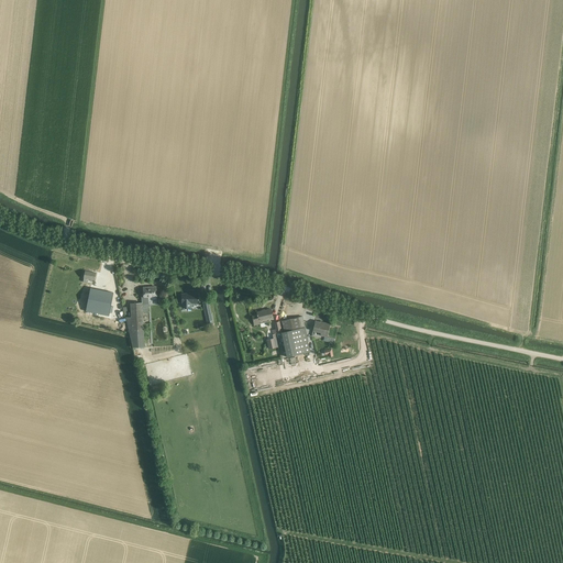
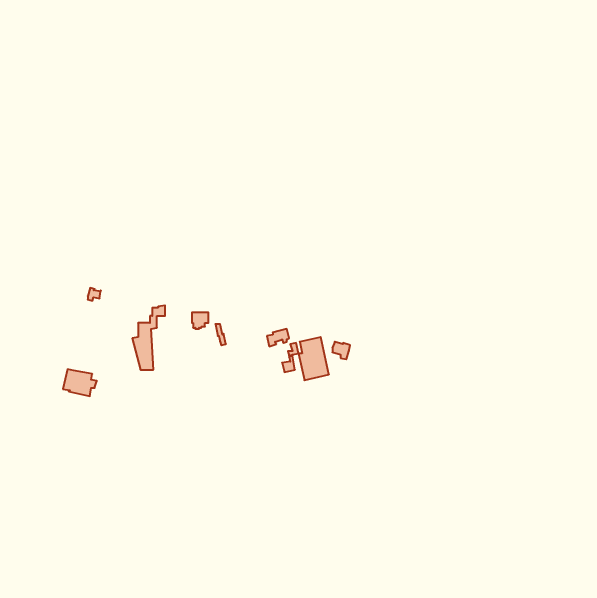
building: [86,289,118,314] -> [63,369,97,396]

